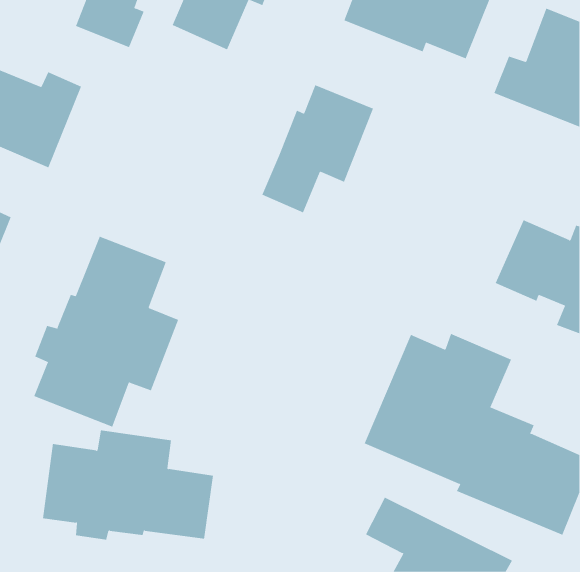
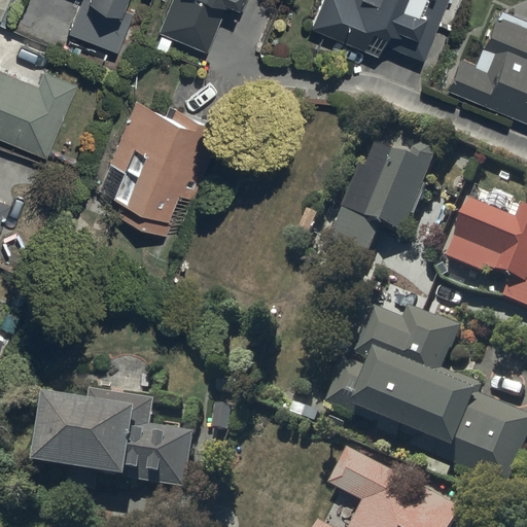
building: [261,85,374,213] -> [329,144,431,260]
building: none -> [99,93,221,229]
building: [34,236,179,428] -> none

